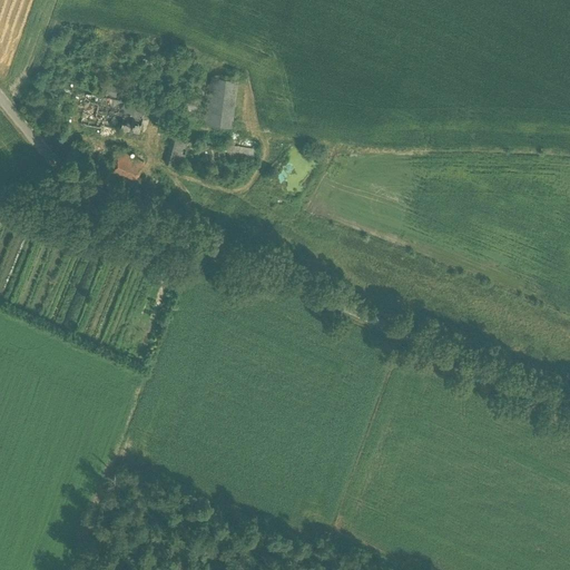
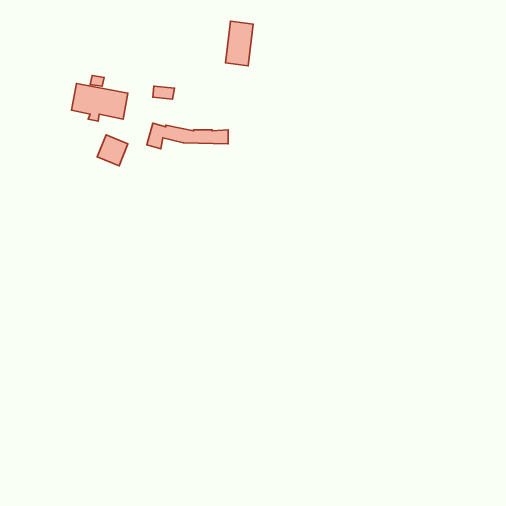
building: [205,78,236,128] -> [226,21,253,66]

